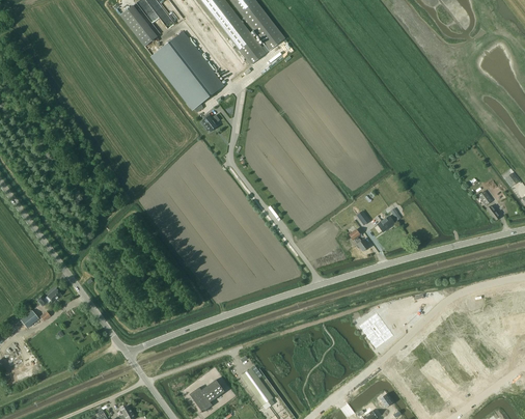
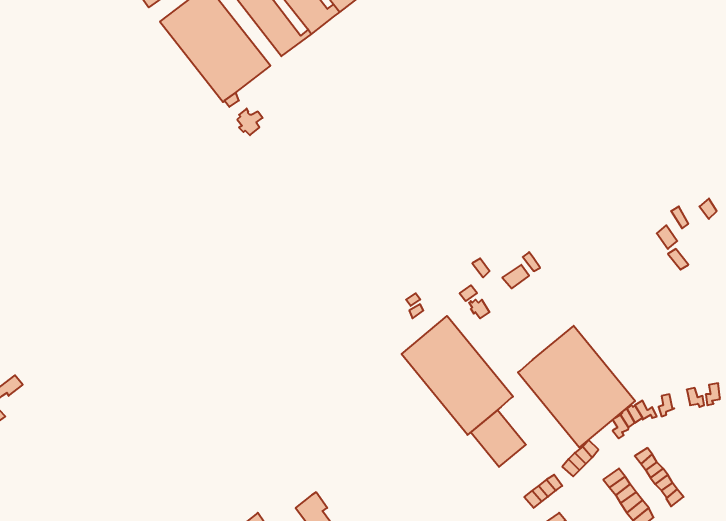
building: none -> [402,316,513,435]
building: none -> [518,326,635,447]

